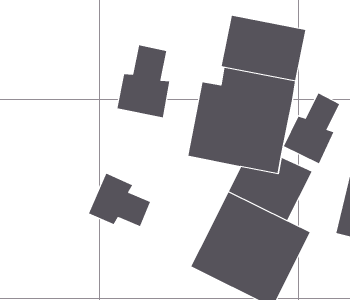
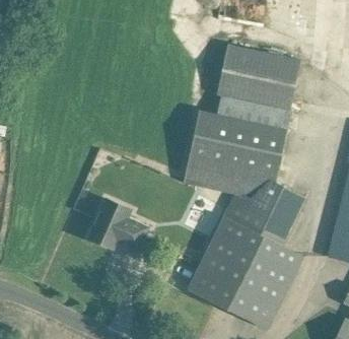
building: [117,45,170,118] -> none
building: [283,93,340,164] -> none

